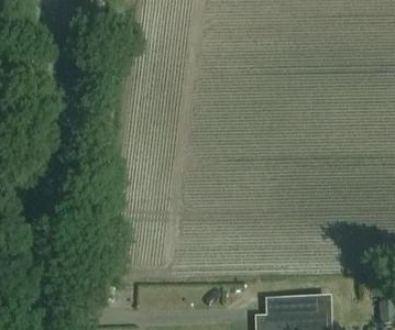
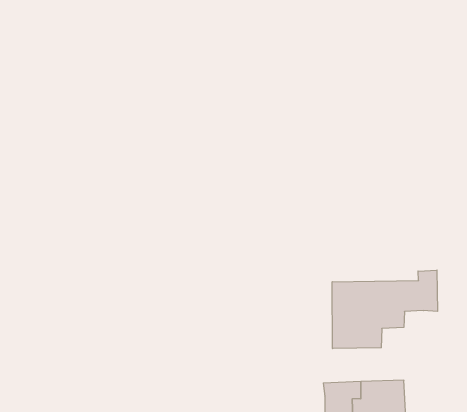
building: none -> [332,270,437,349]

